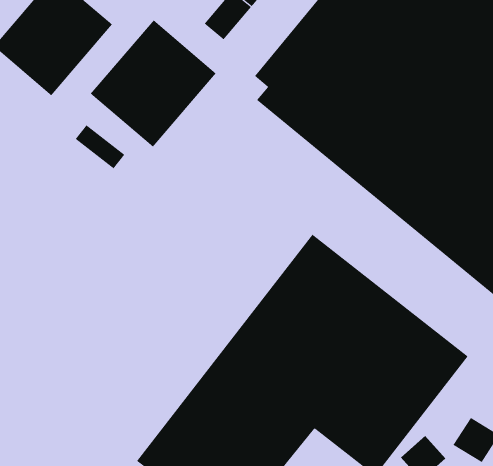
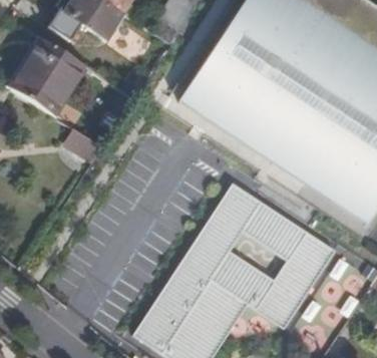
building: [90,19,217,148] -> none

